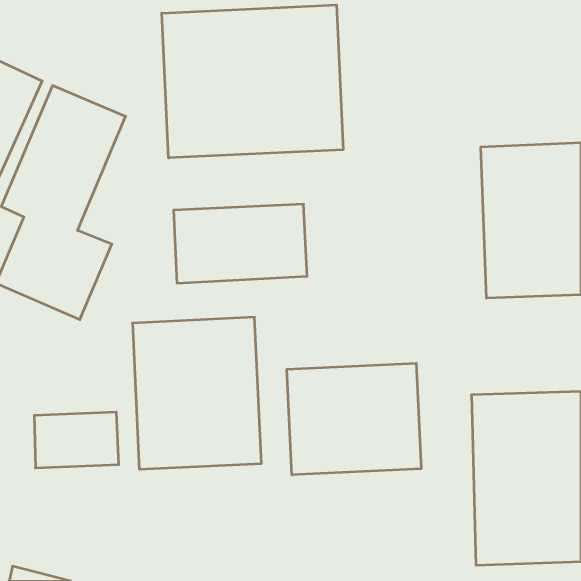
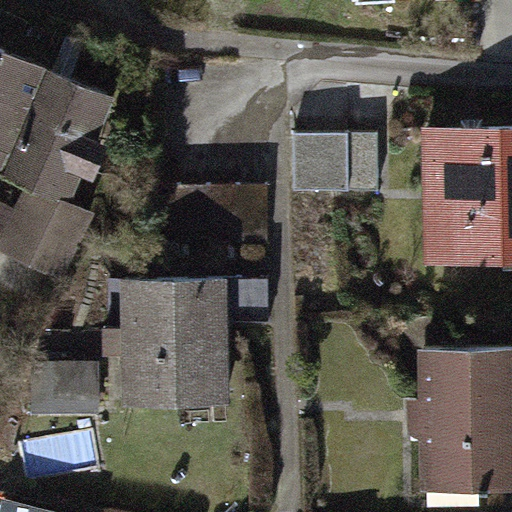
building: [162,5,343,158] -> none
building: none -> [299,131,386,193]
building: [287,363,421,475] -> none

